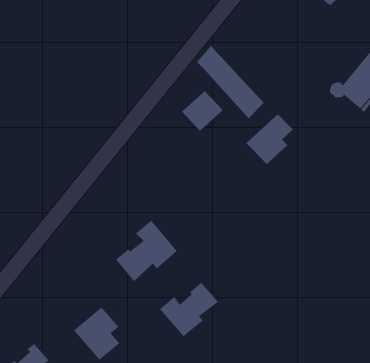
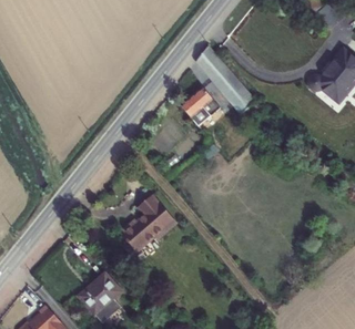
building: [245,114,294,165] -> none
building: [159,282,219,337] -> none

